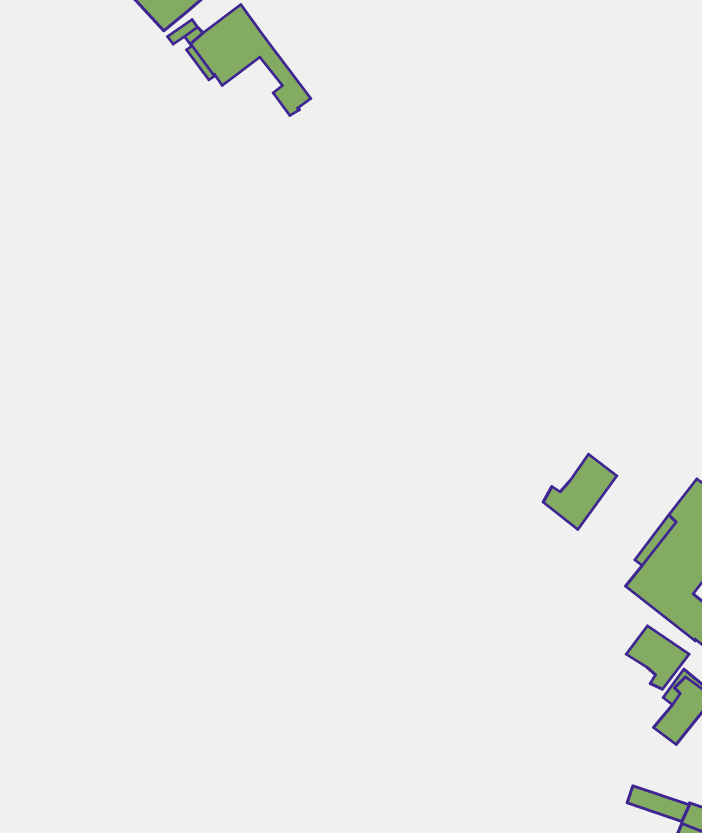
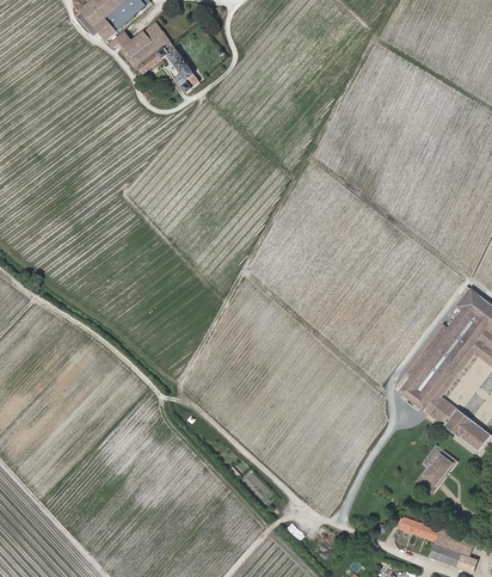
building: [543,454,617,530] -> none
building: [626,626,689,689] -> none

